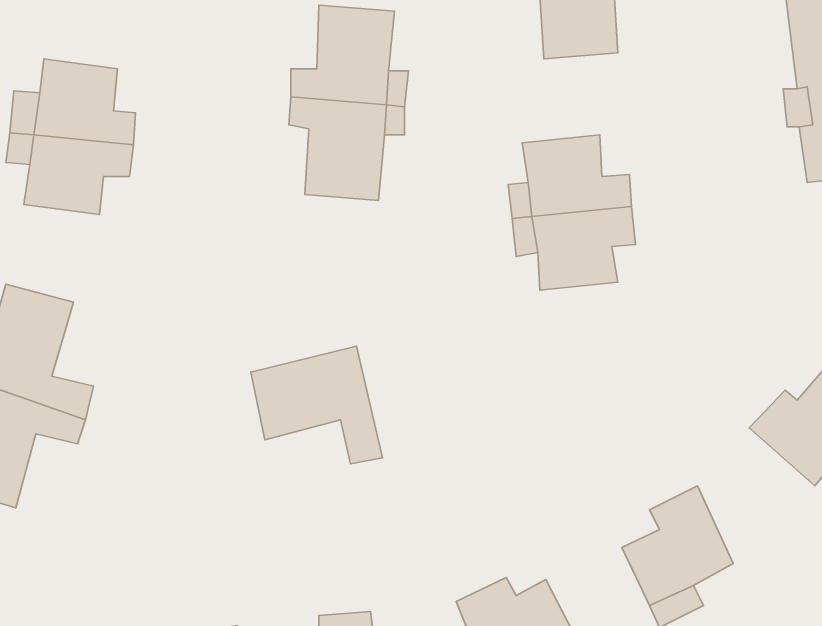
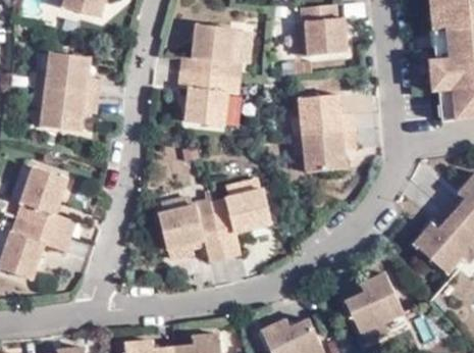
building: none -> [212,188,271,256]

